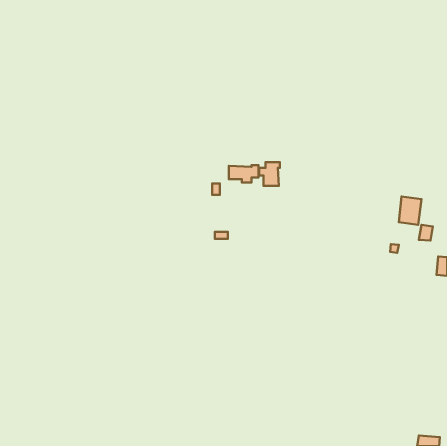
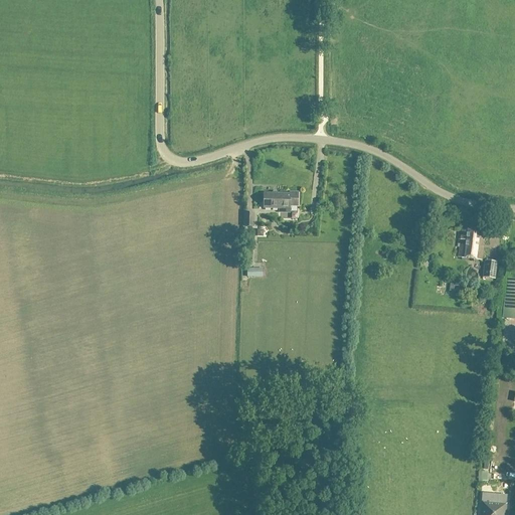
building: [259,162,280,186] -> none

